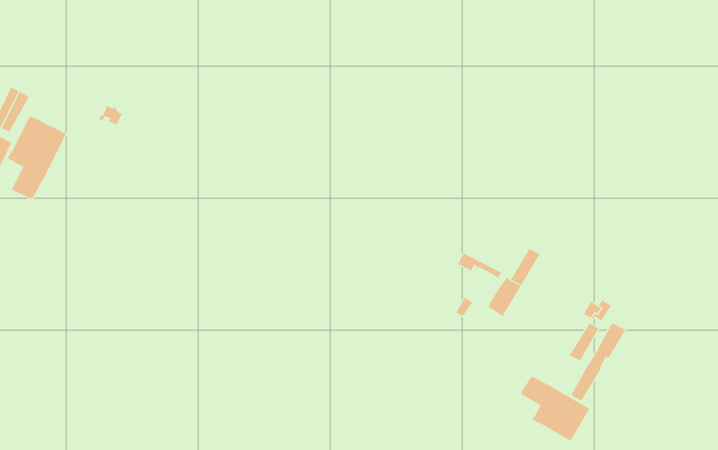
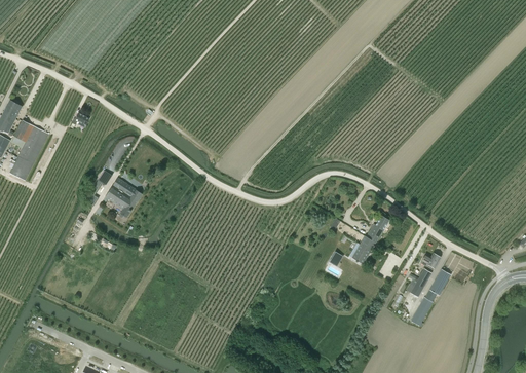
building: none -> [104,178,141,218]
building: [520,375,590,442] -> none

